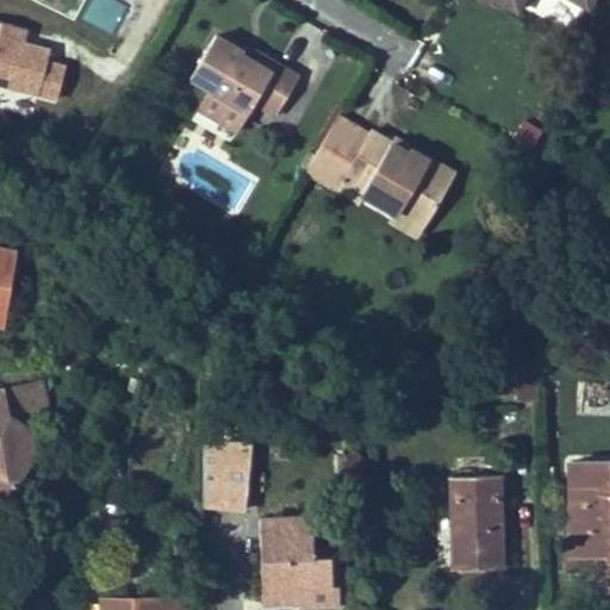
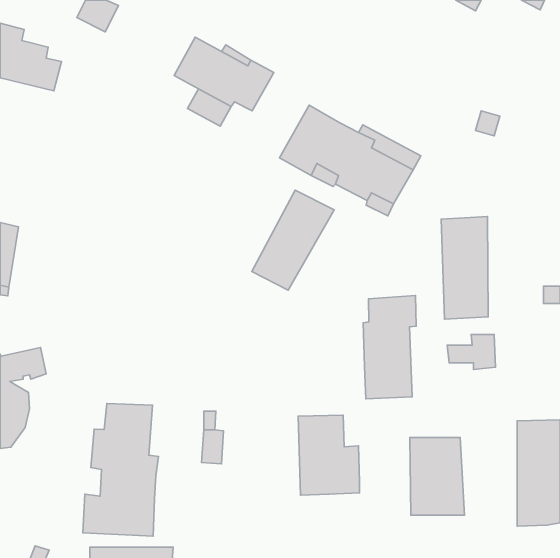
building: none -> [252,190,334,290]
building: none -> [441,217,488,319]
building: none -> [363,296,416,399]
building: none -> [83,404,158,536]
building: [259,516,325,603] -> [298,415,360,495]

